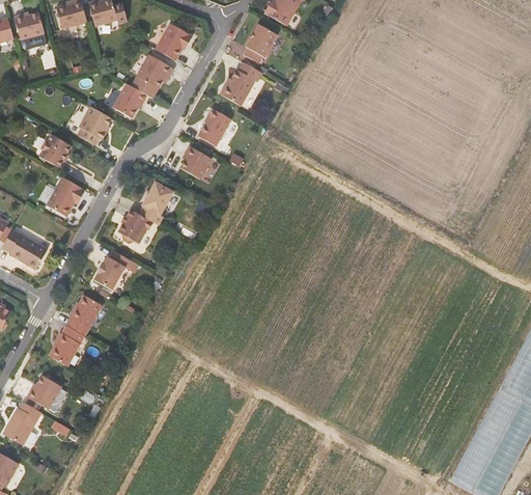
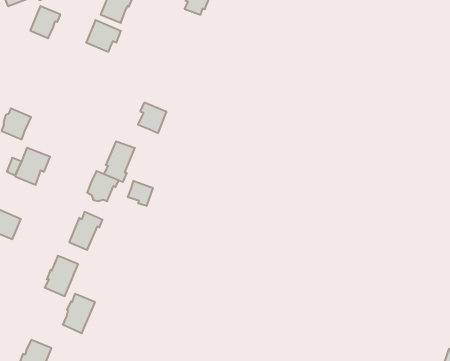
building: [220,61,262,105] -> none
building: [114,83,147,117] -> [30,6,60,38]
building: [79,106,112,144] -> none
building: [198,108,231,145] -> none
building: none -> [128,181,153,206]
building: [47,323,83,364] -> [63,294,95,333]

